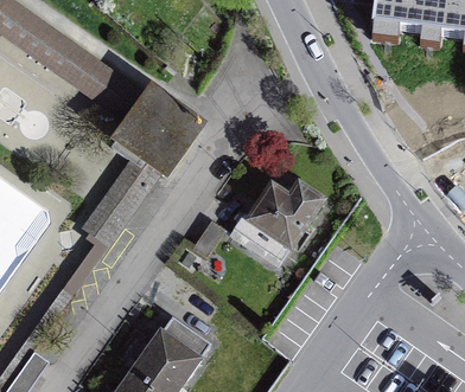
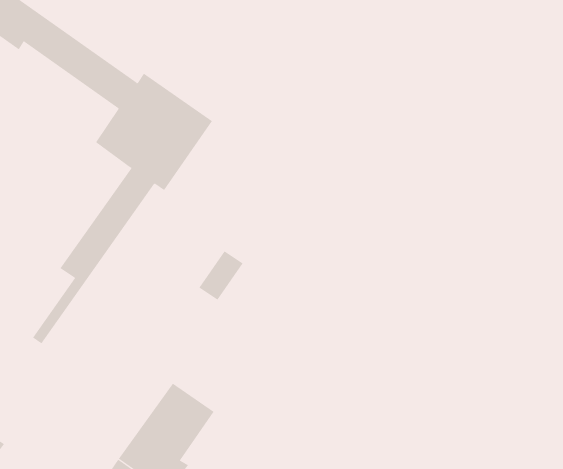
building: [230,185,323,263] -> none

